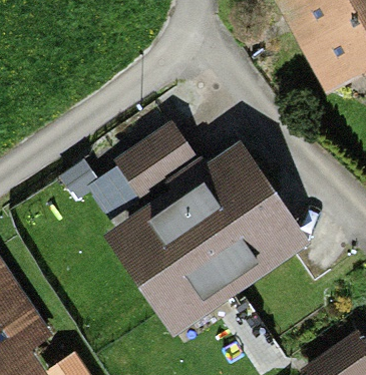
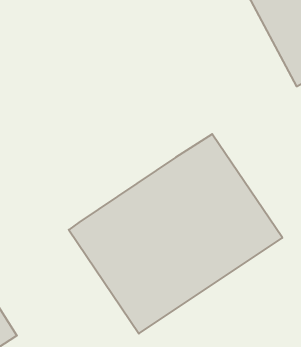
building: [87,121,208,226] -> none

